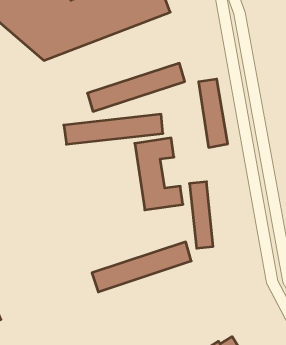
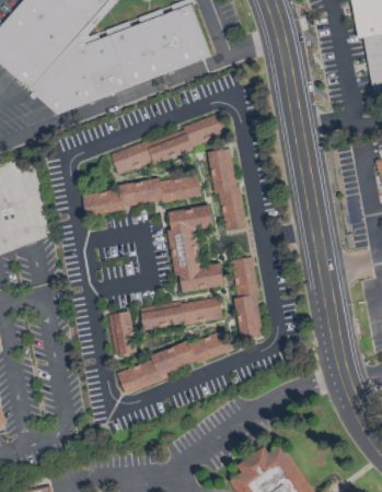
building: [199,79,228,147] -> [209,148,244,230]
building: none -> [142,300,220,329]
building: none -> [108,312,136,356]

